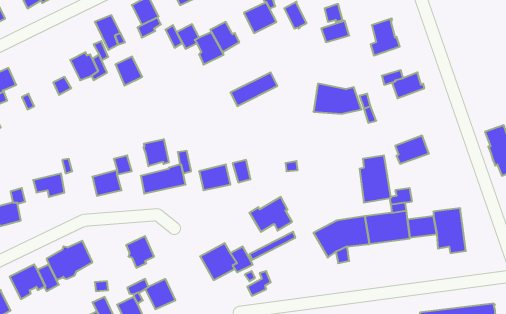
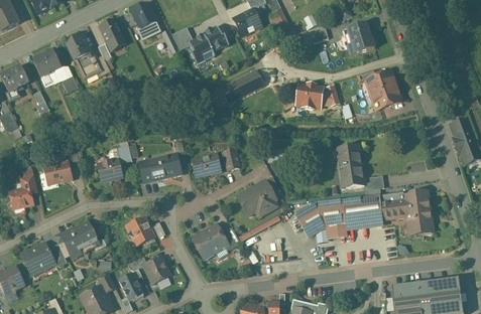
building: none -> [33,50,61,76]
building: [115,57,142,86] -> [67,34,91,60]
building: [395,136,429,164] -> [371,85,401,110]
building: [144,139,169,166] -> none

